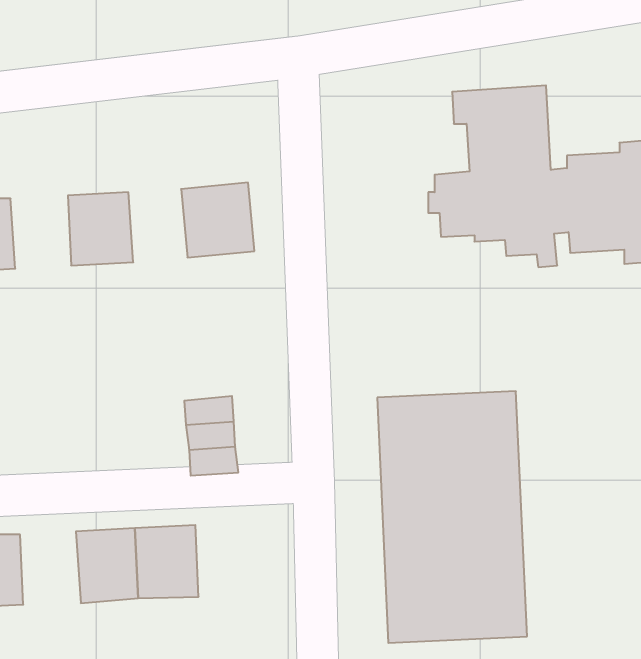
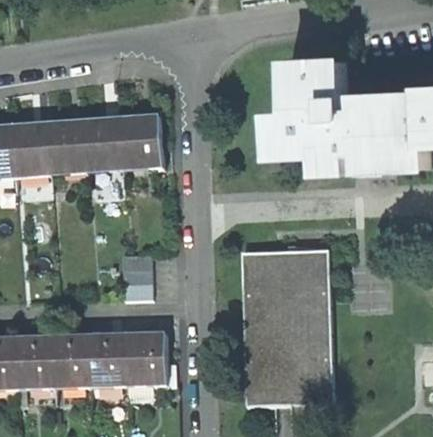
building: none -> [83,124,120,170]
building: none -> [9,128,47,174]
building: none -> [125,333,168,389]
building: none -> [15,339,53,385]

